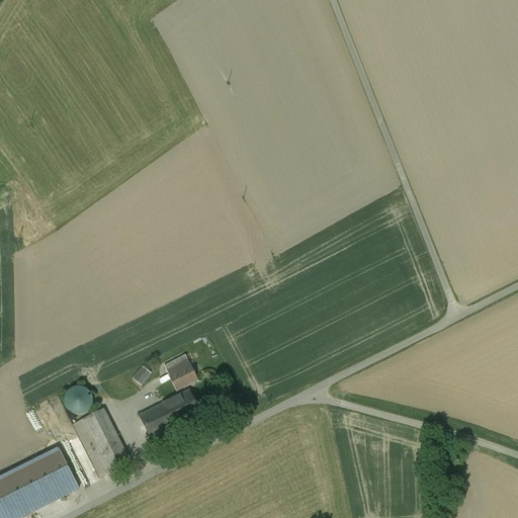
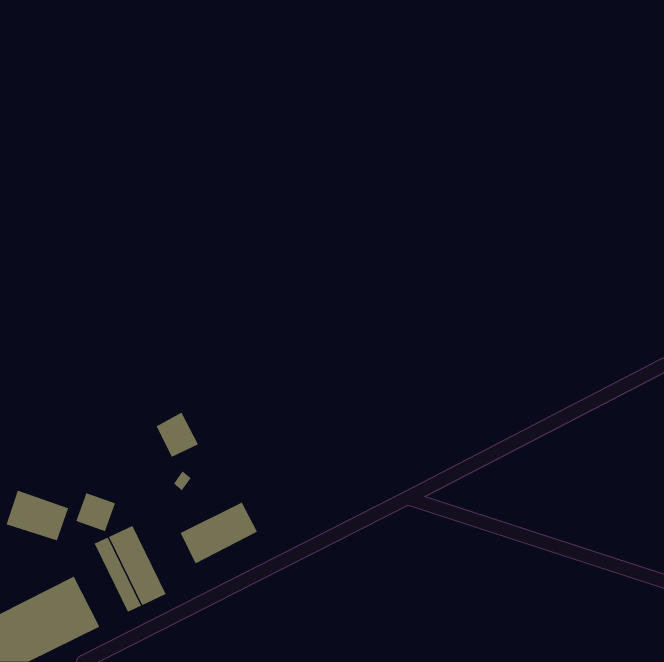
building: [164,353,197,388] -> [156,412,199,457]
building: none -> [6,490,69,541]

